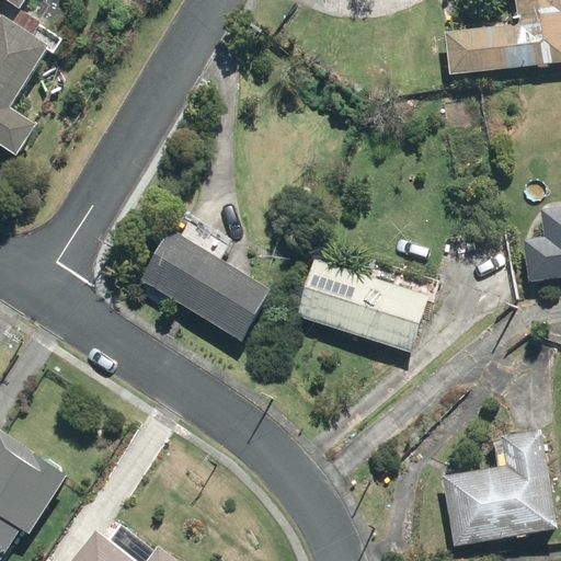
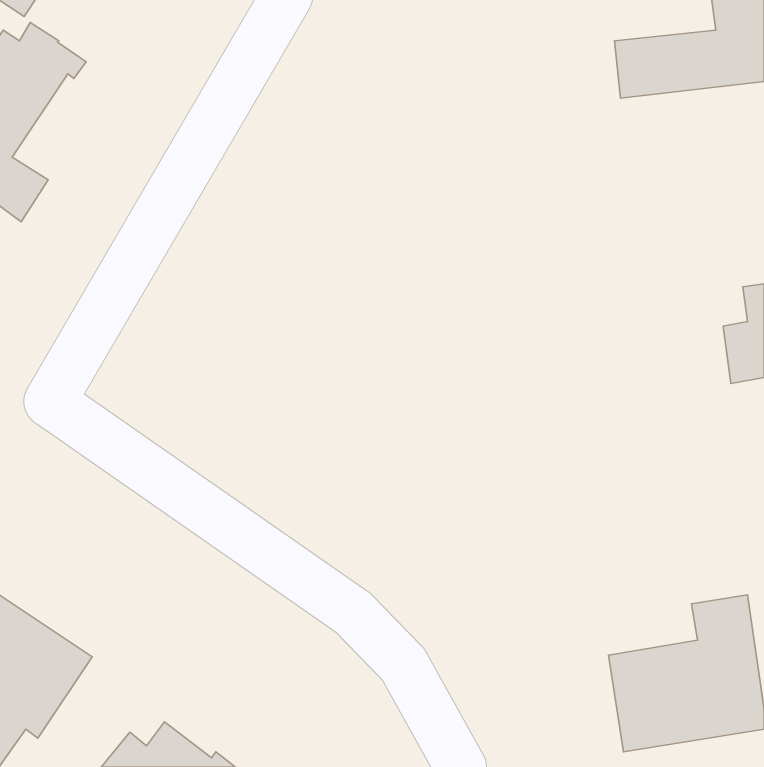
building: [141,230,271,342] -> none
building: [296,257,430,352] -> none

